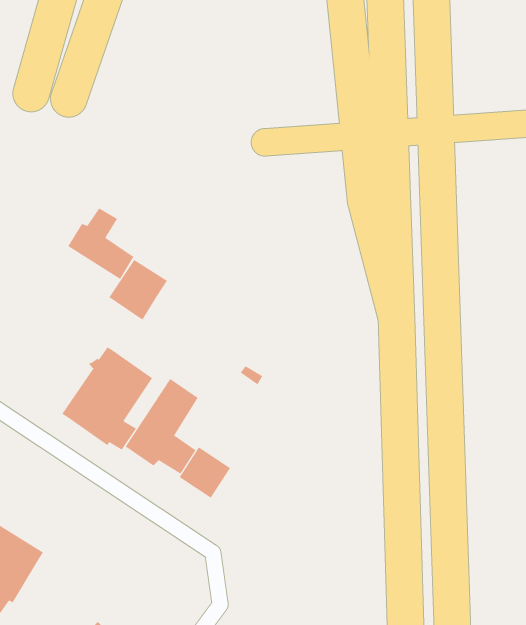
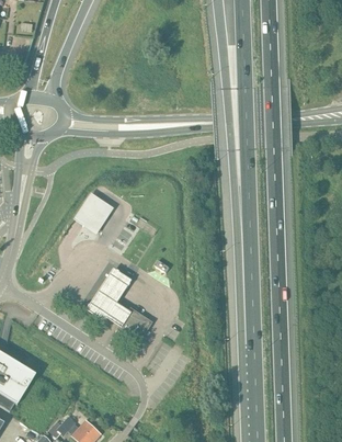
building: [68,207,134,280] -> none
building: [62,346,153,451] -> none

